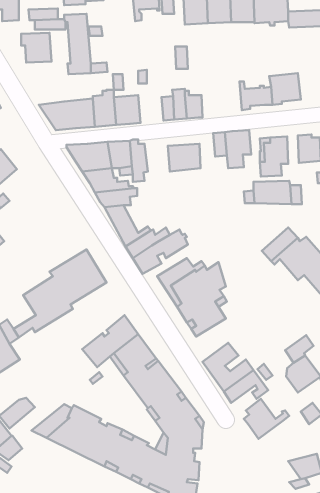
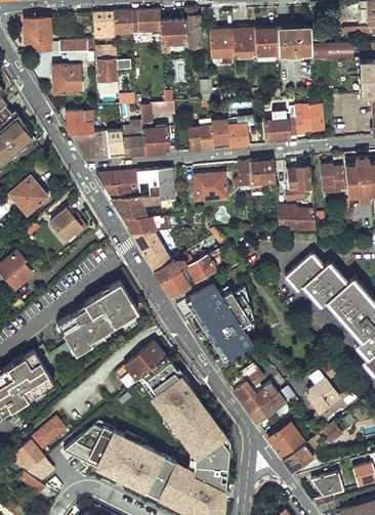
building: none -> [64,110,94,135]
building: none -> [226,118,251,147]
building: none -> [51,207,87,240]
building: none -> [283,441,318,473]

